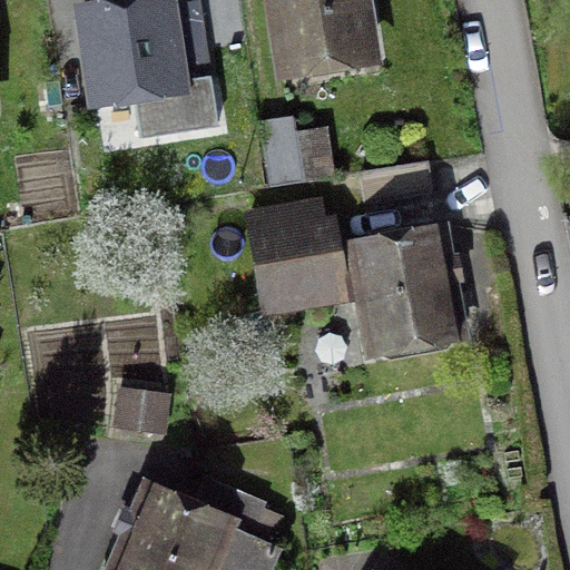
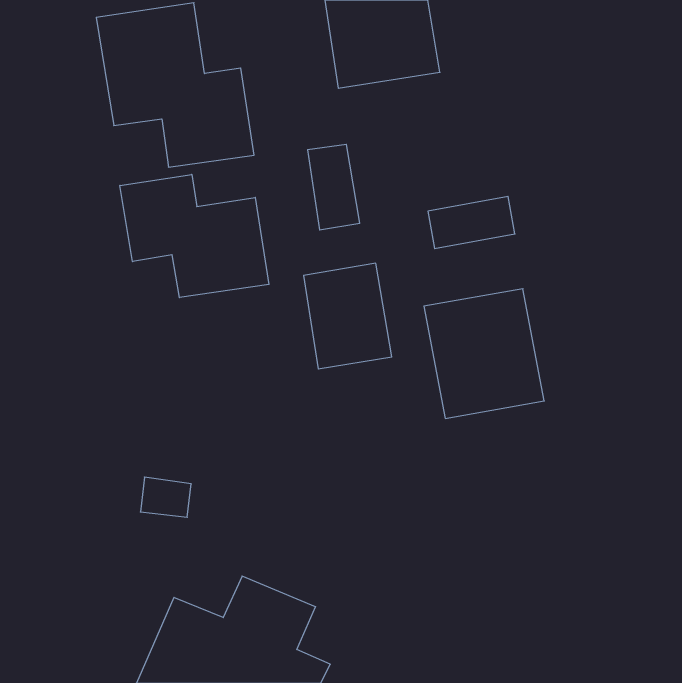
building: none -> [120,174,269,298]

